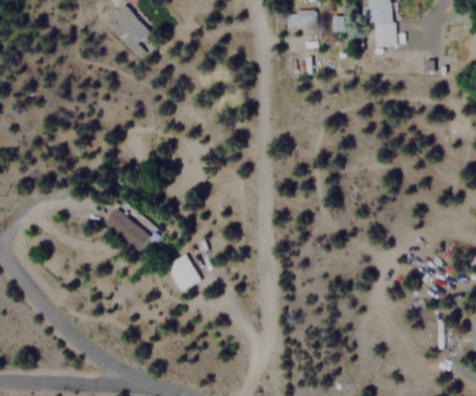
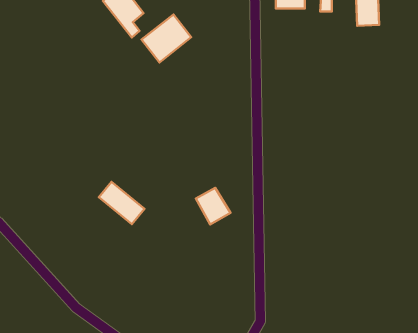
building: none -> [142,14,191,62]
building: [166,254,202,292] -> [196,188,231,225]

